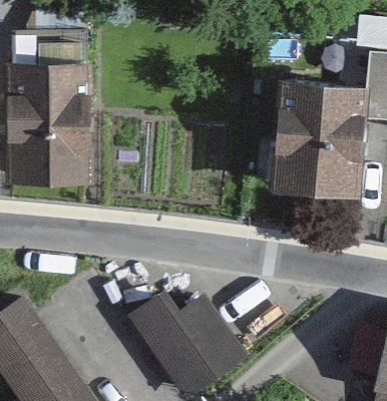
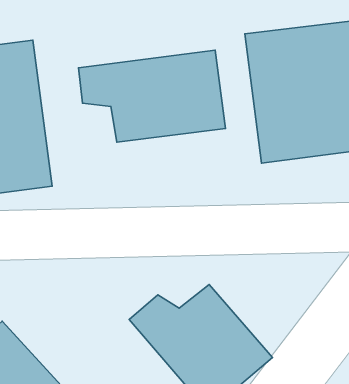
building: none -> [78,50,225,142]

